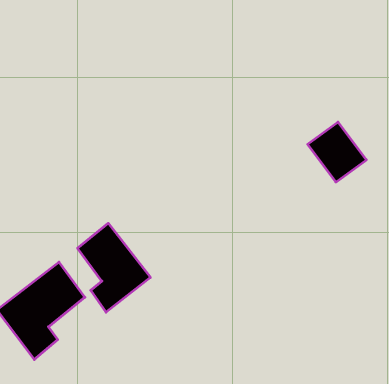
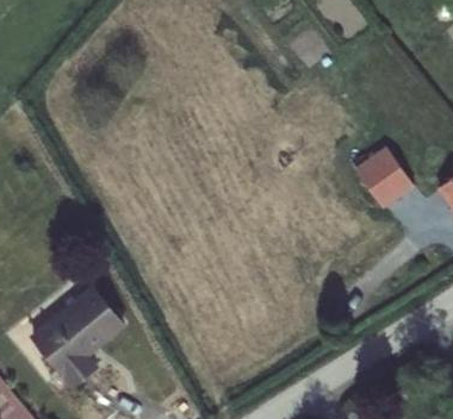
building: [78,223,150,312] -> none

